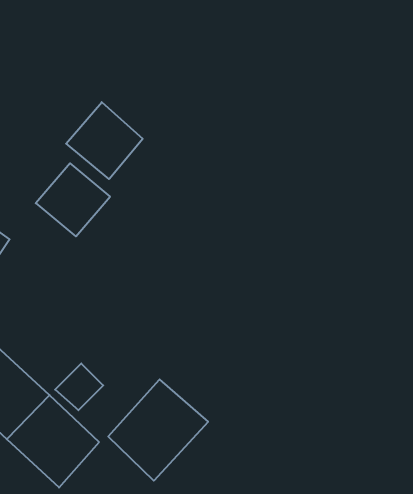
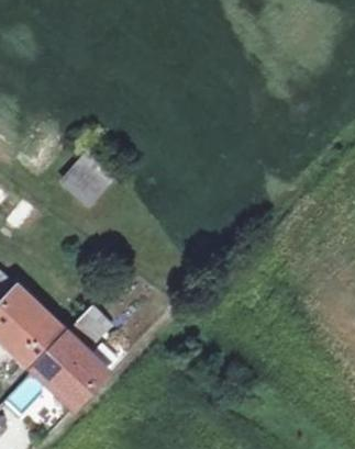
building: [66,102,143,179] -> none
building: [108,379,208,481] -> none

